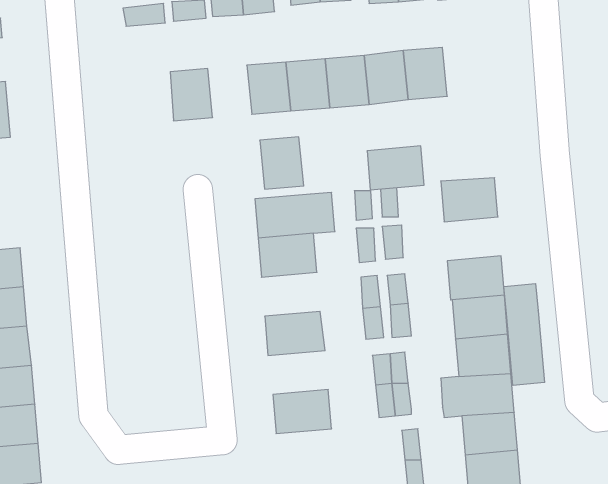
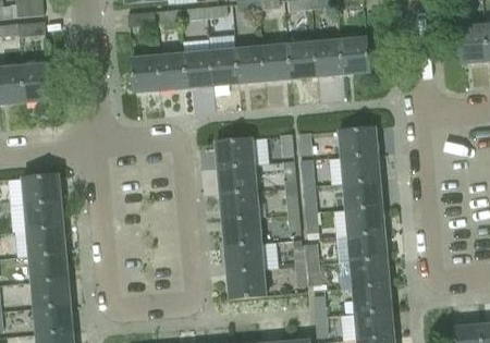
building: none -> [340,37,369,72]
building: none -> [131,56,160,90]
building: [260,137,304,189] -> [183,51,212,86]
building: [367,146,424,190] -> [341,152,379,182]
building: none -> [219,189,258,219]
building: [504,284,545,385] -> none
building: none -> [223,241,278,271]

